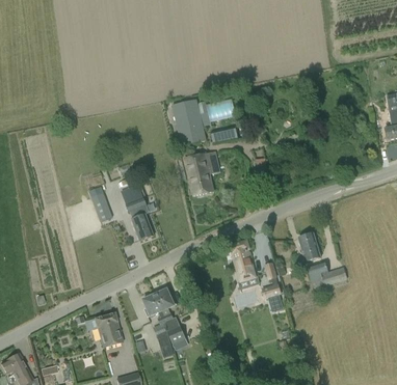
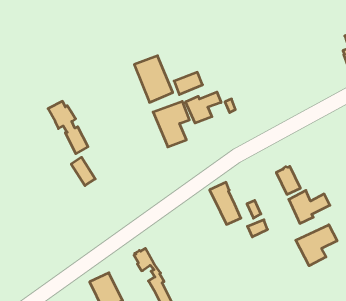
building: none -> [186,92,221,123]
building: [121,184,155,239] -> [48,101,88,154]
building: [155,287,186,343] -> none
building: none -> [296,225,337,266]

